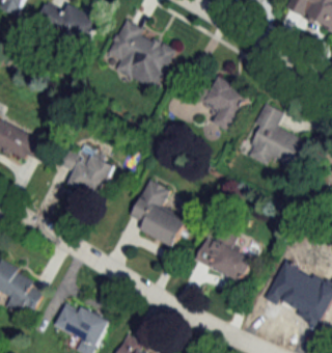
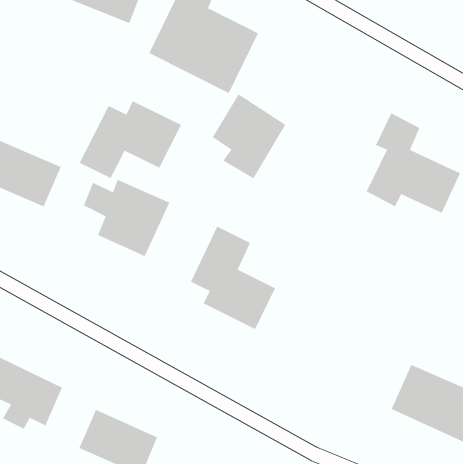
building: [201,75,251,132] -> [212,94,286,179]
building: none -> [79,101,182,179]
building: [194,226,251,281] -> none

